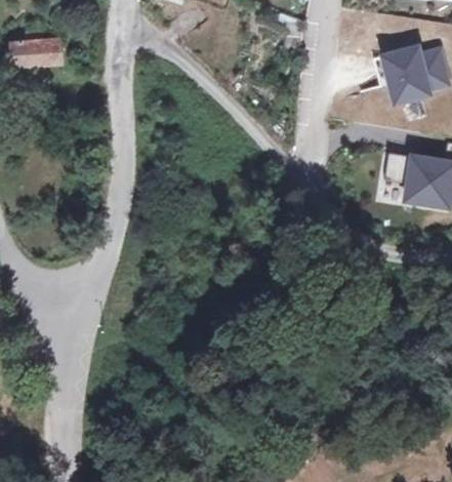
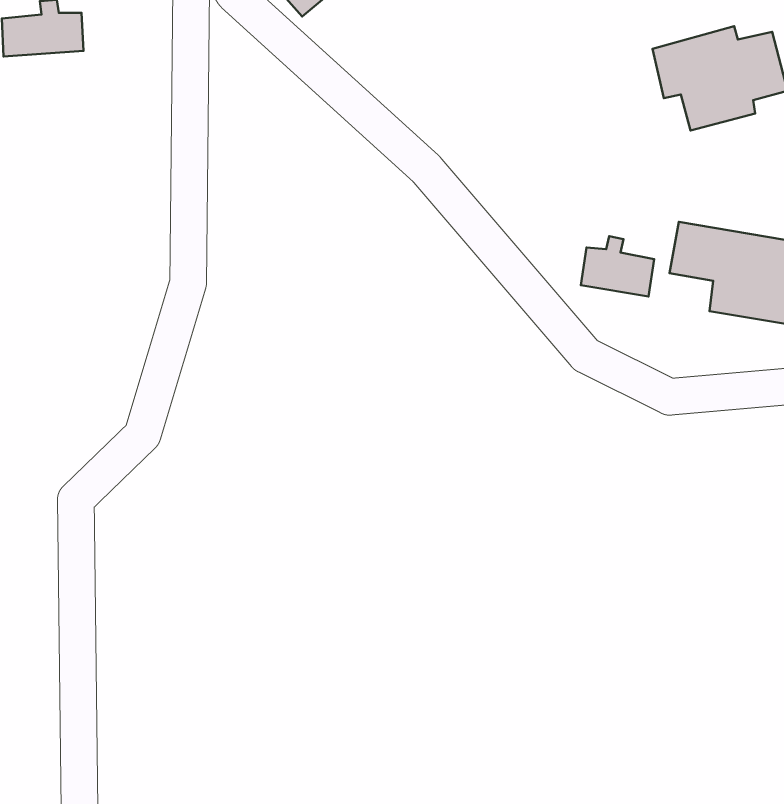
building: none -> [581,236,654,297]

